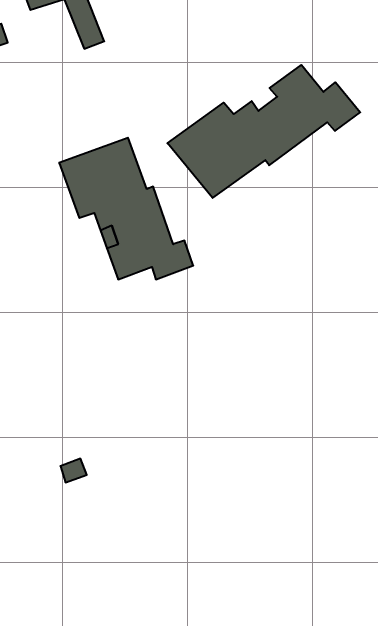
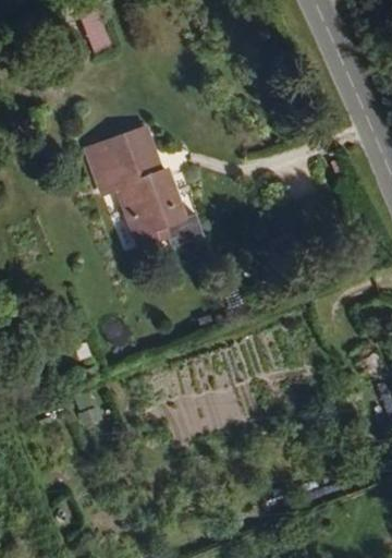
building: [167,65,360,198] -> none

